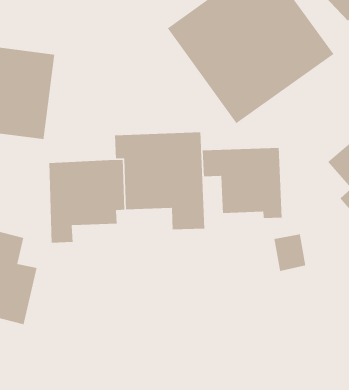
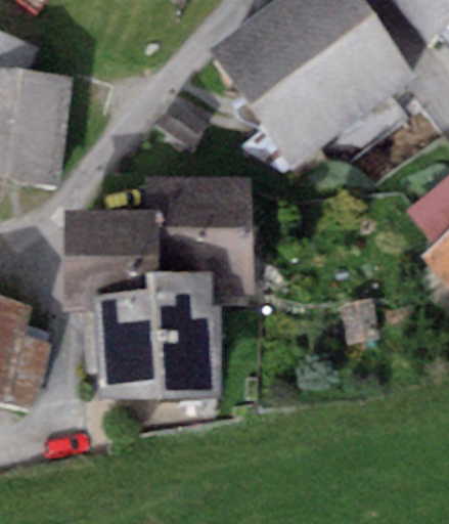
building: [202,147,282,219] -> none
building: none -> [93,268,219,398]

